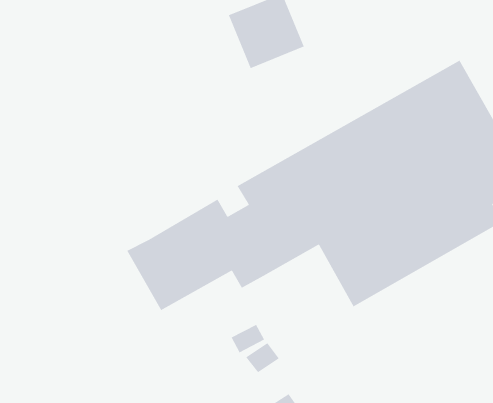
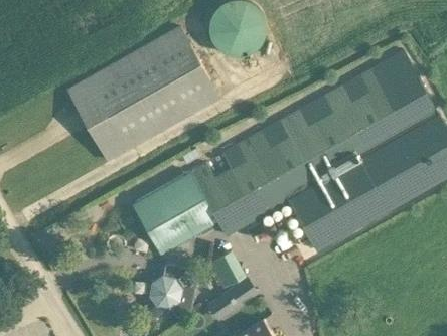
building: none -> [67,28,219,161]
building: none -> [149,264,195,319]

